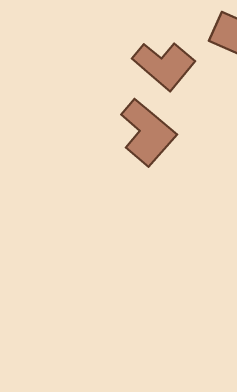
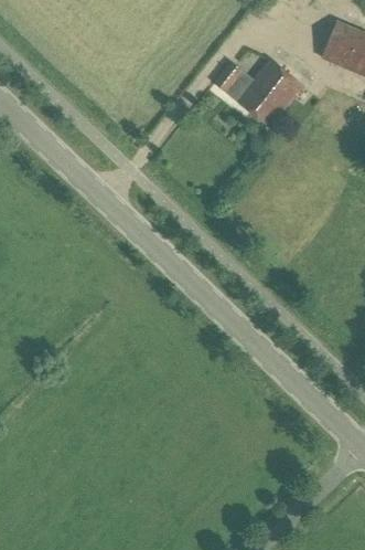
building: [121,99,177,167] -> none

